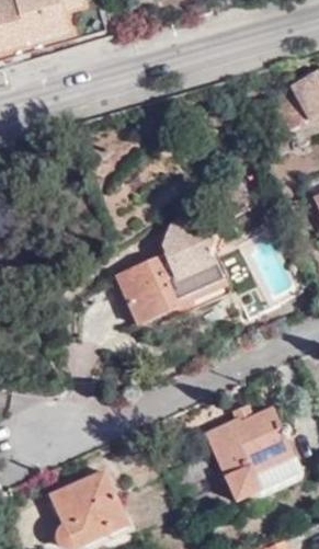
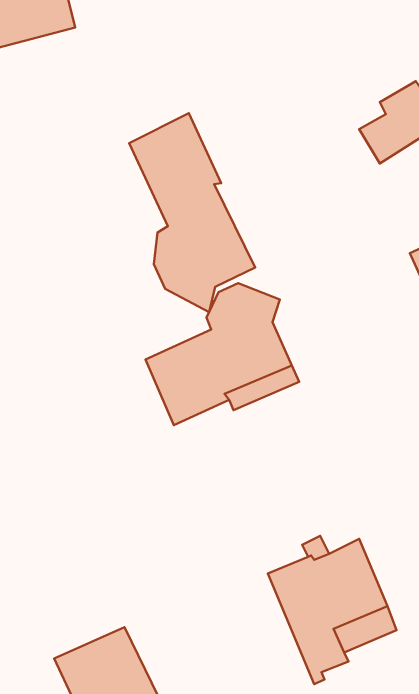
building: none -> [129,113,255,312]

